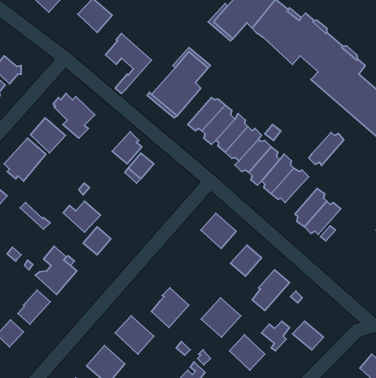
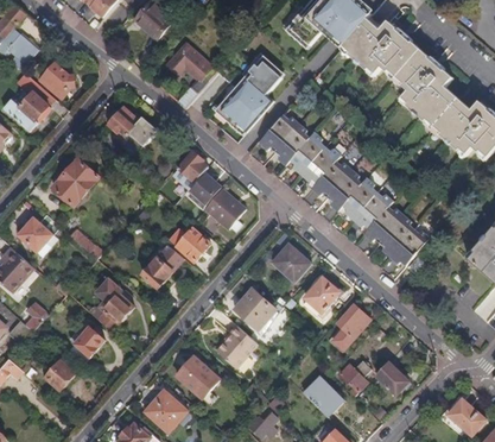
building: [30,118,66,153] -> none
building: [309,132,344,166] -> [362,206,401,242]
building: none -> [204,188,245,229]
building: [63,201,100,232] -> [170,227,211,261]
building: [201,298,241,337] -> [236,283,280,327]

